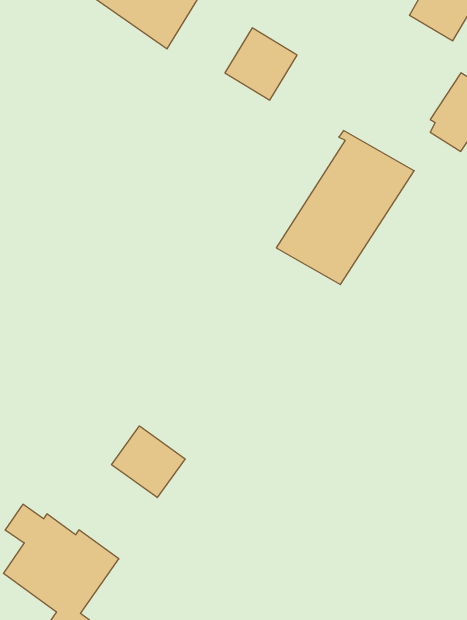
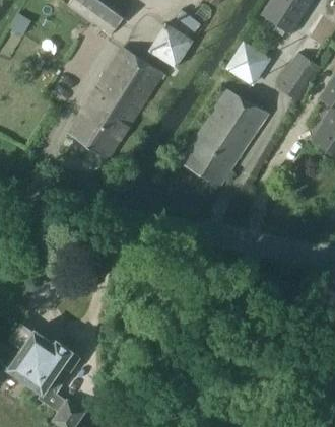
building: none -> [224,41,270,86]
building: none -> [67,48,165,159]
building: [112,426,185,498] -> none

